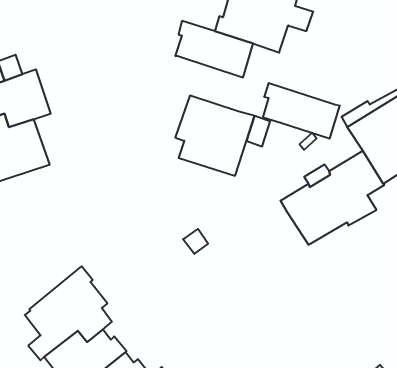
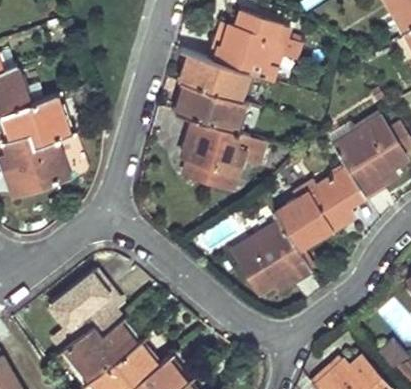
building: [263,83,340,139] -> [177,83,245,132]
building: none -> [232,221,311,295]

